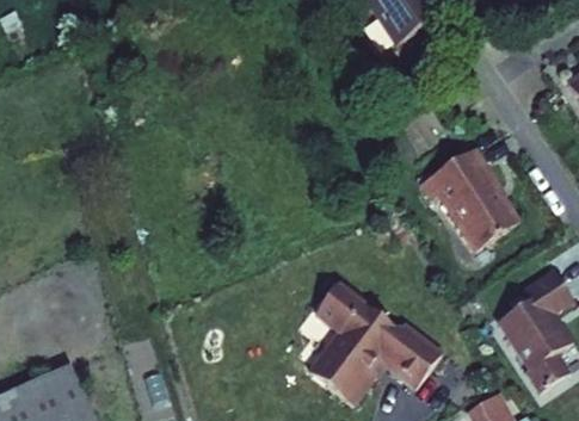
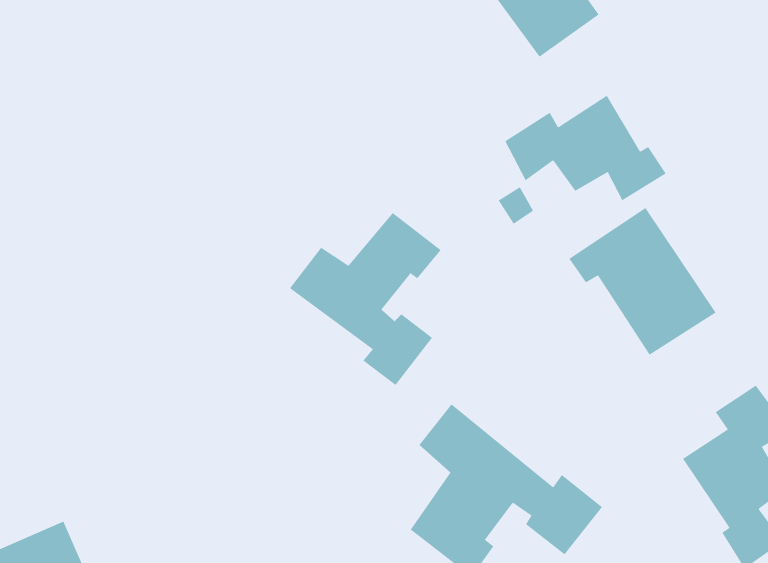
building: none -> [505,95,667,201]
building: none -> [289,212,442,386]

